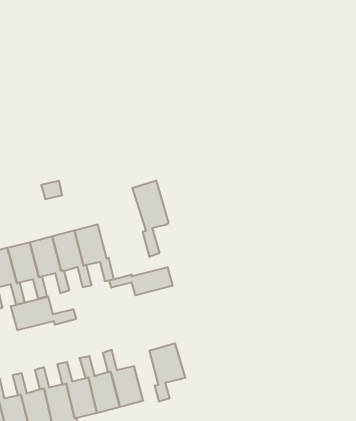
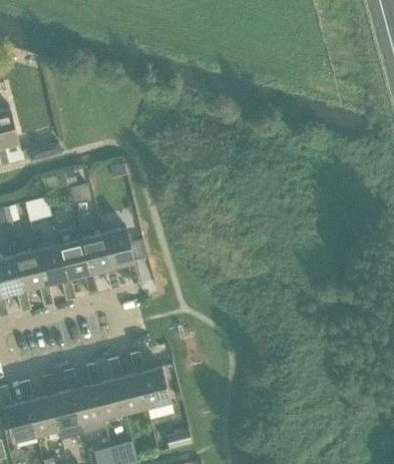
building: [132,181,168,257] -> none
building: [109,267,172,295] -> none
building: [11,296,76,330] -> none
building: [150,343,185,402] -> none

